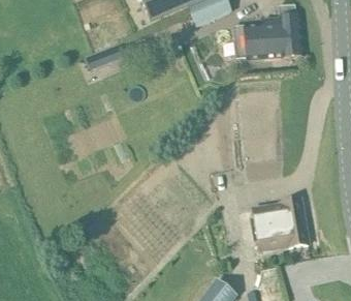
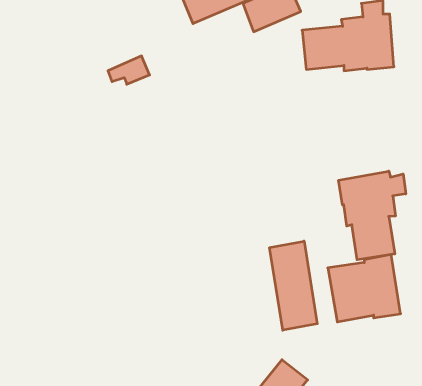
building: none -> [339,171,406,260]
building: none -> [270,241,317,330]

